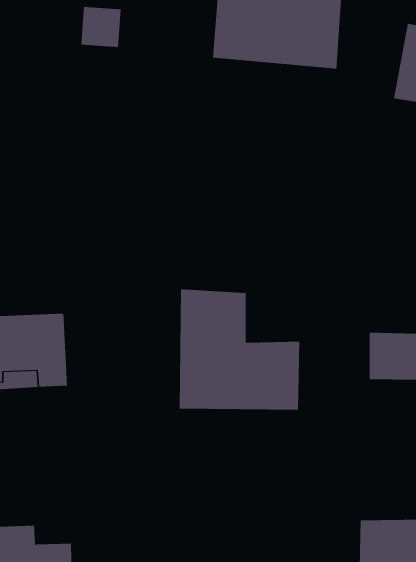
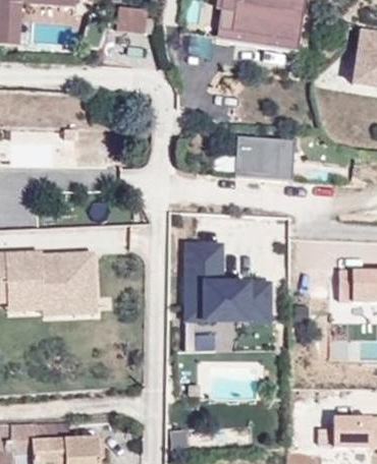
building: none -> [235,128,295,166]

